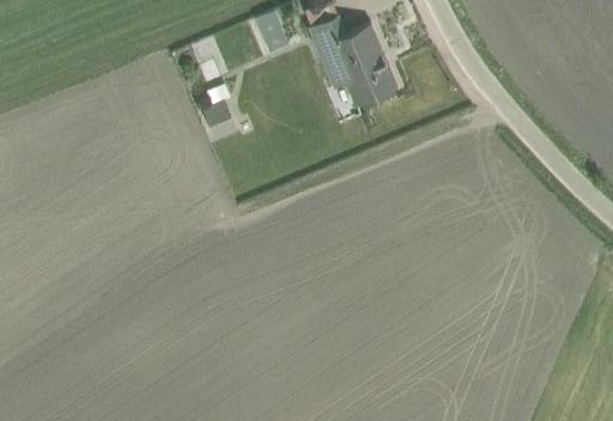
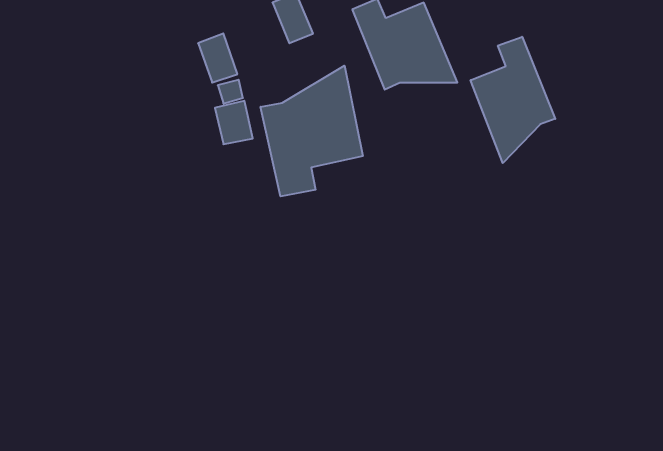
building: none -> [471,37,555,163]
building: none -> [261,66,363,196]

